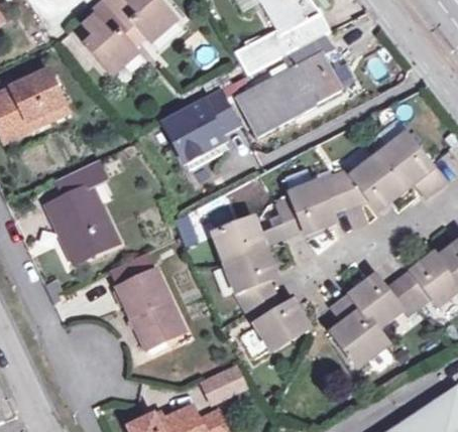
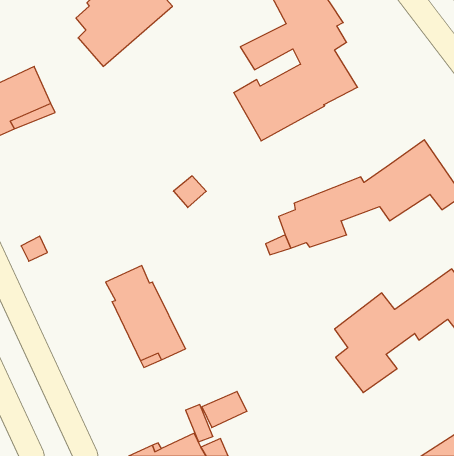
building: [159,88,246,166] -> none
building: [46,159,117,264] -> none
building: [207,219,299,350] -> none

